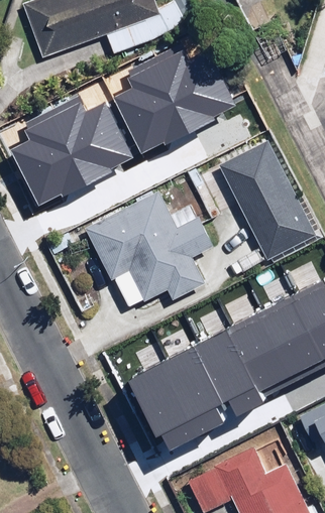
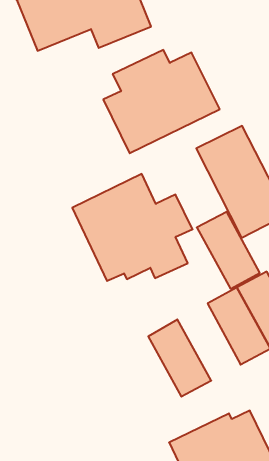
building: [13,104,138,216] -> none
building: [198,328,265,410] -> [197,212,260,289]
building: [134,363,202,445] -> none

